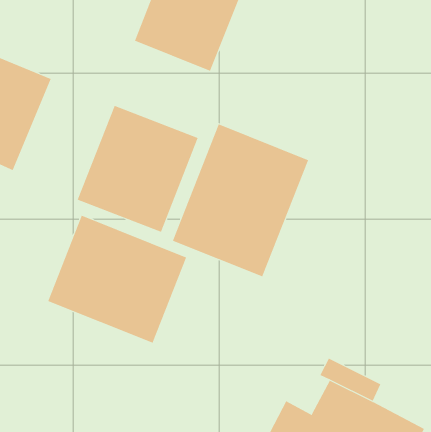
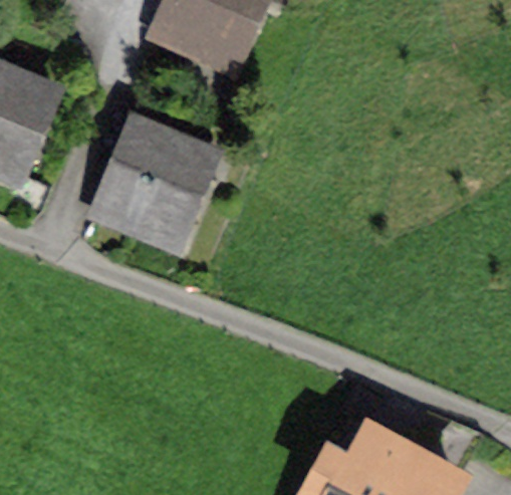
building: [172,124,309,277] -> none
building: [47,215,187,344] -> none

